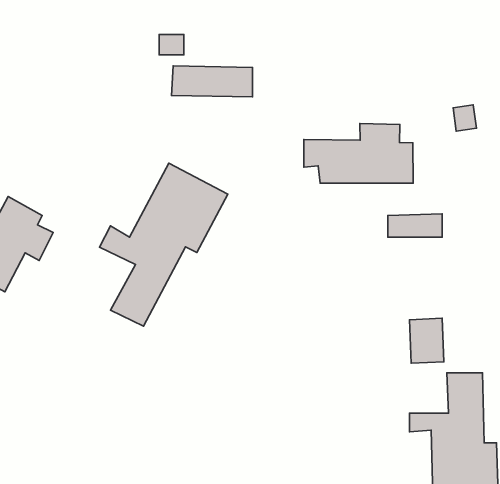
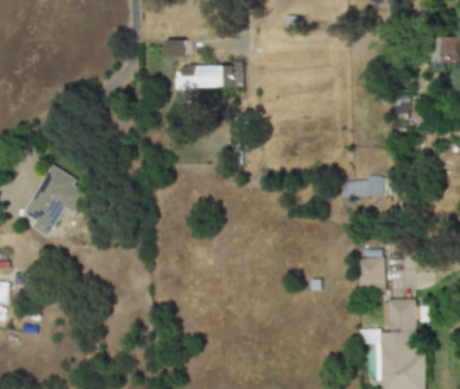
building: [304,123,413,183] -> none
building: [100,163,228,326] -> none

